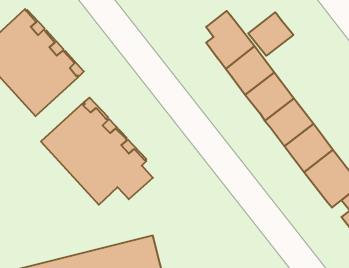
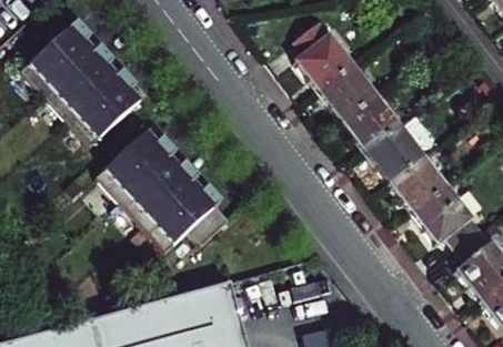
building: [248,12,293,56] -> none

